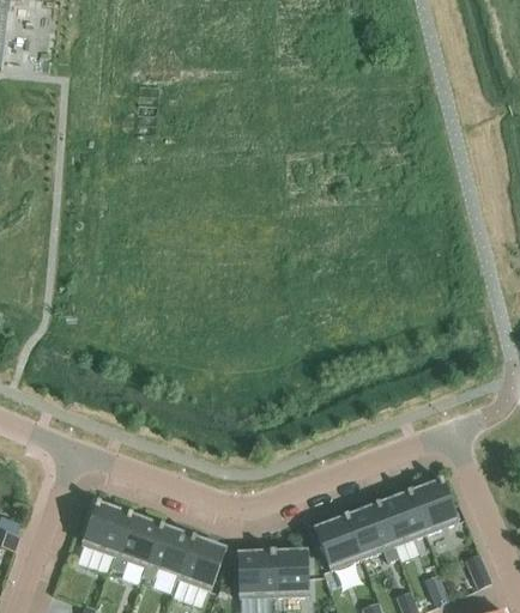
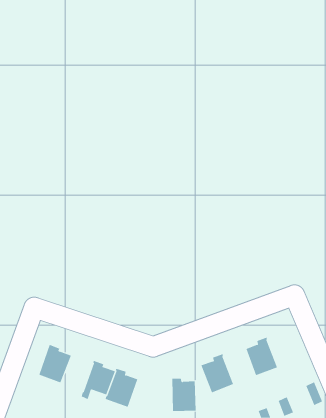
building: [411,477,459,533] -> none
building: [347,500,394,557] -> none
building: [114,511,161,568] -> none
building: [238,548,274,597] -> none

